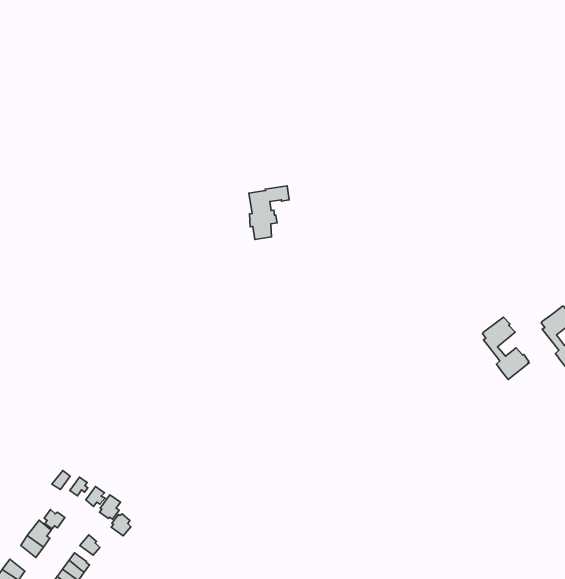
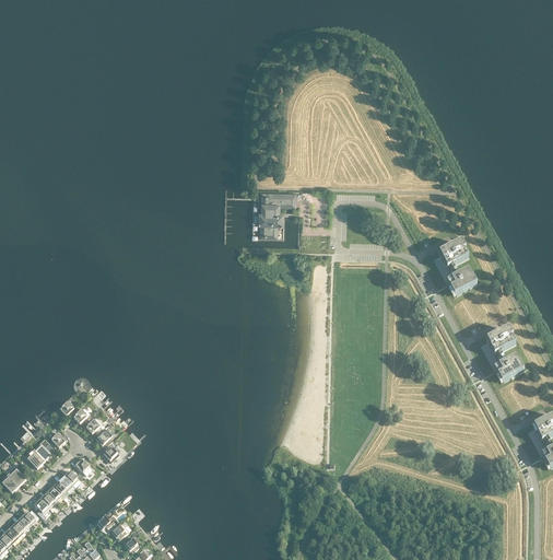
building: [482,317,529,379] -> [439,243,474,295]

